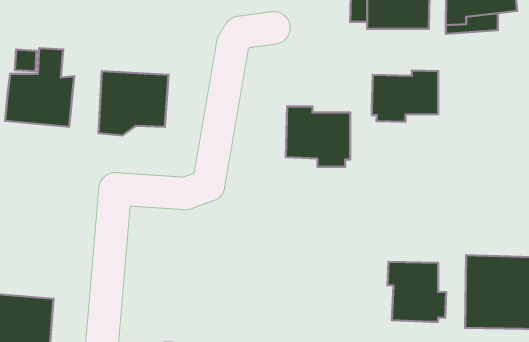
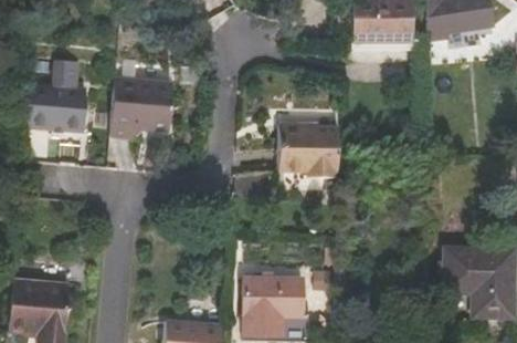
building: [372,71,438,122] -> none
building: [388,262,446,322] -> none
building: none -> [243,282,303,322]

